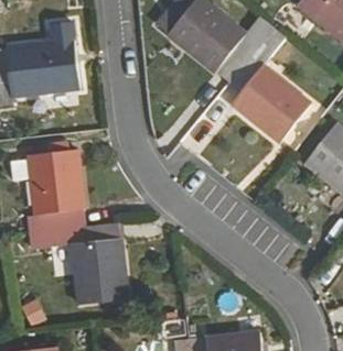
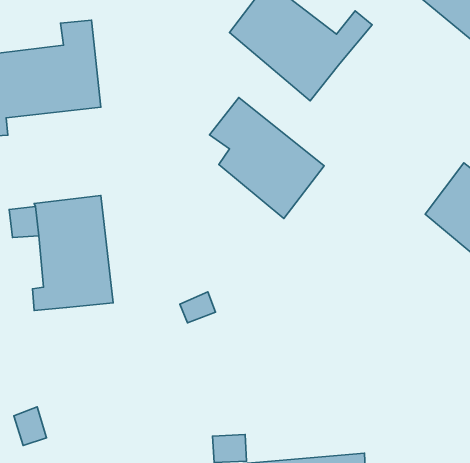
building: [226,55,308,141] -> [209,98,324,219]
building: [53,221,127,303] -> none

